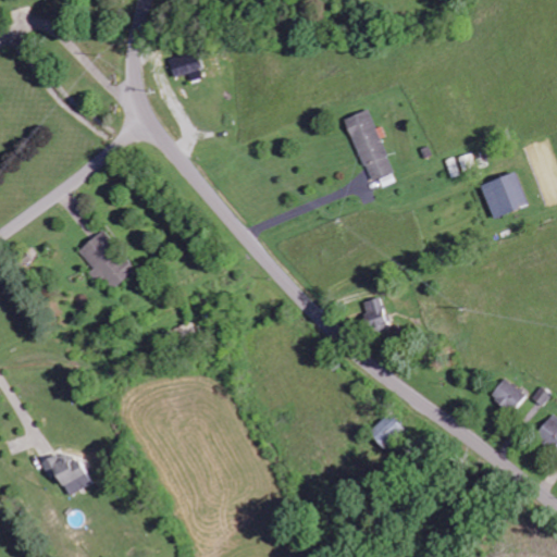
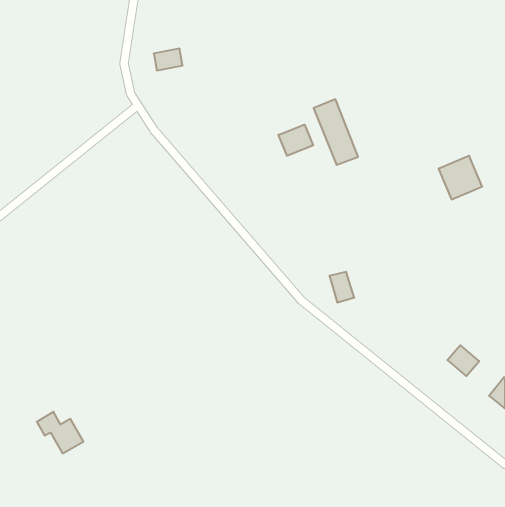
building: none -> [278,125,313,156]
building: [78,232,135,289] -> none
building: [368,413,406,450] -> none

